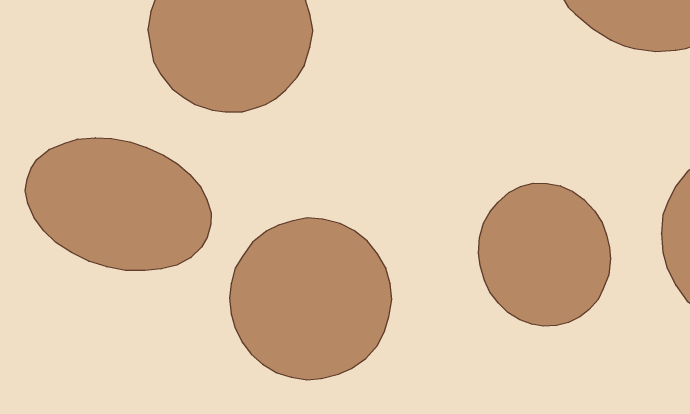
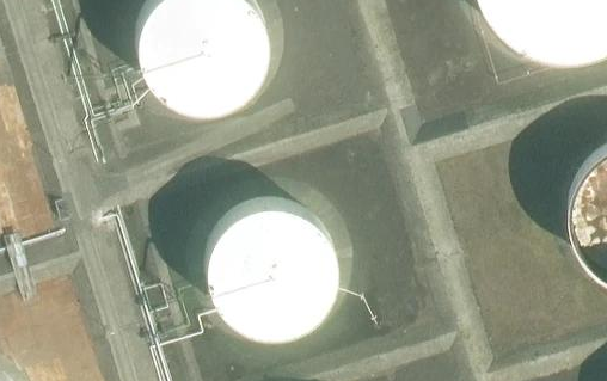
building: [25,138,211,270] -> none
building: [479,183,611,326] -> none

